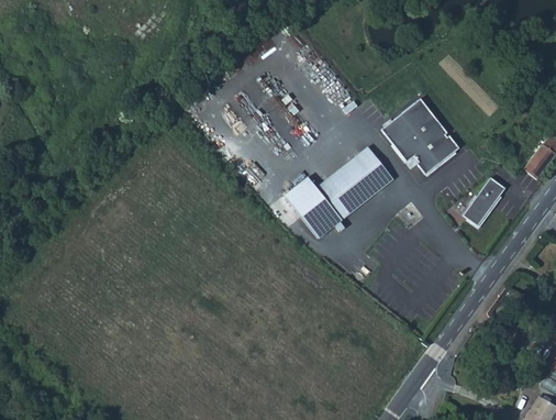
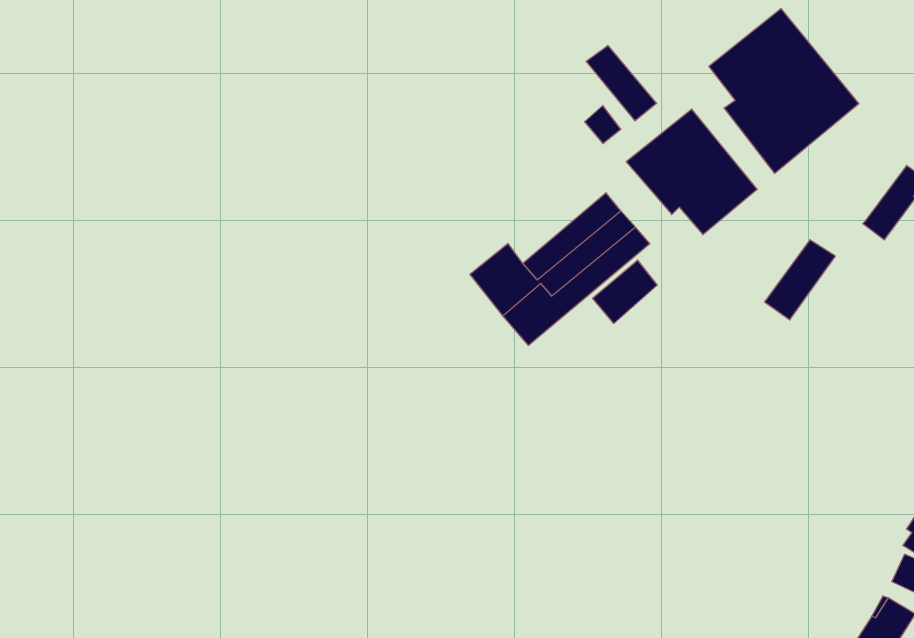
building: none -> [709,8,859,173]
building: none -> [586,45,657,121]
building: none -> [593,260,657,323]

